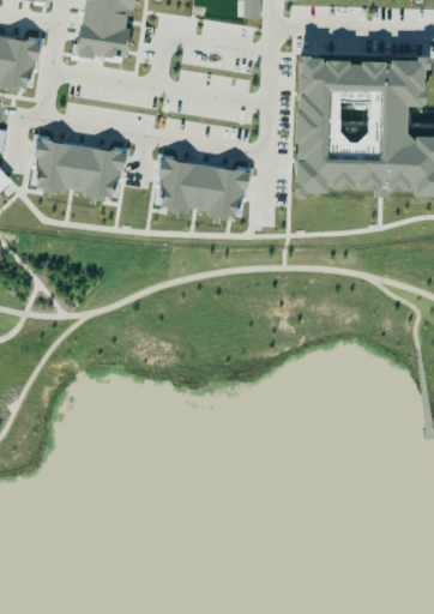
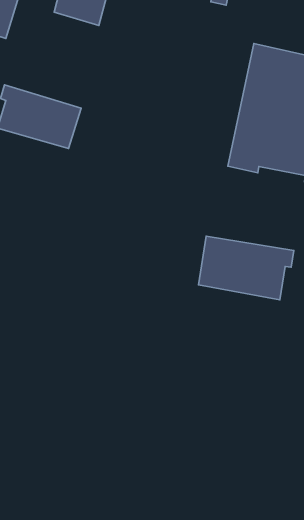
building: [159,159,248,219] -> none
building: none -> [198,236,294,300]

